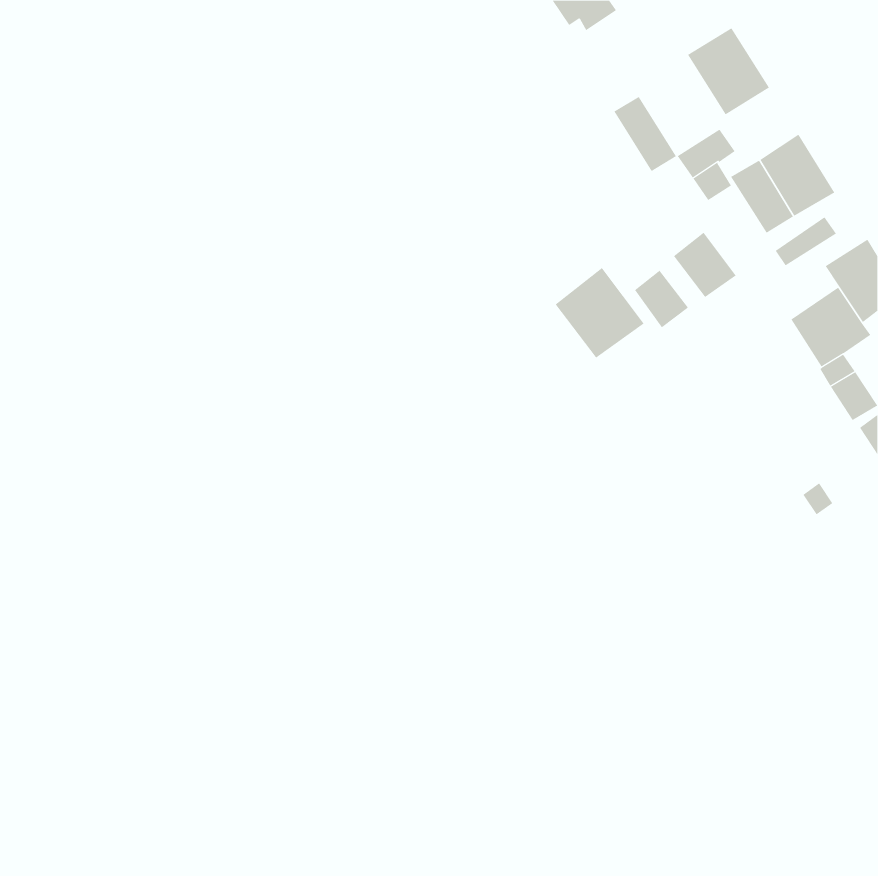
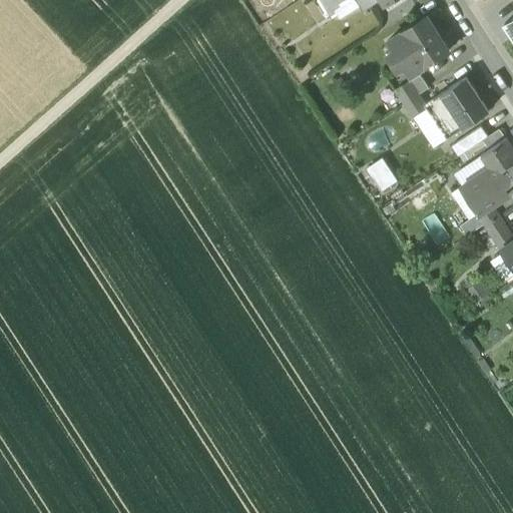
building: [613,96,677,172] -> [386,33,423,77]
building: [673,232,736,298] -> none
building: [555,267,644,358] -> none

